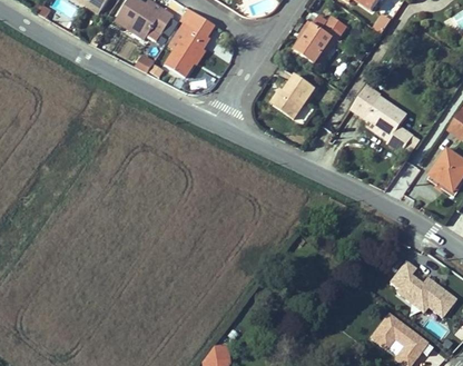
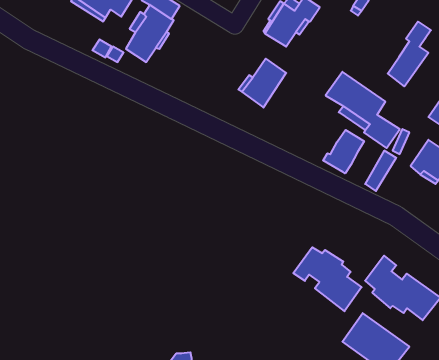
building: none -> [388,22,431,86]
building: none -> [323,130,364,173]
building: none -> [293,247,362,311]

